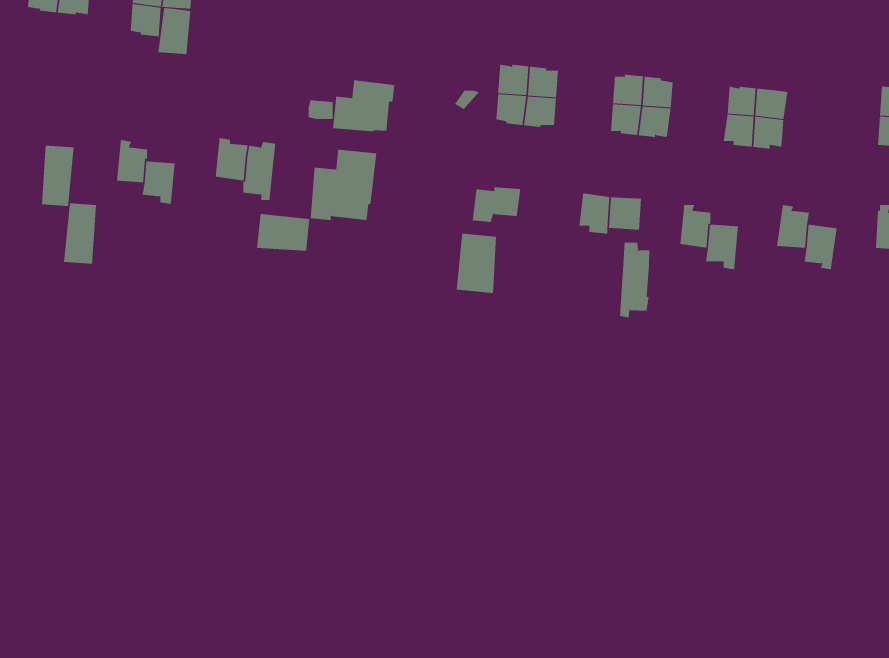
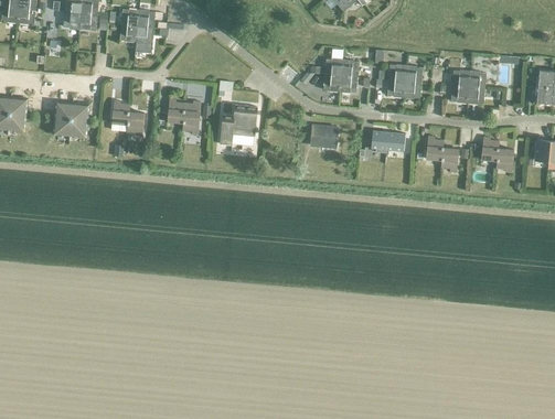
building: [333,80,395,132] -> none
building: [63,203,97,264] -> [53,101,72,136]
building: [256,213,310,251] -> none
building: [456,233,497,294] -> none
building: [620,242,650,318] -> none

